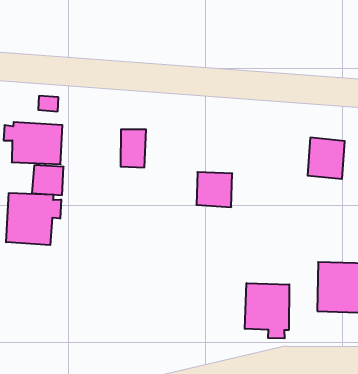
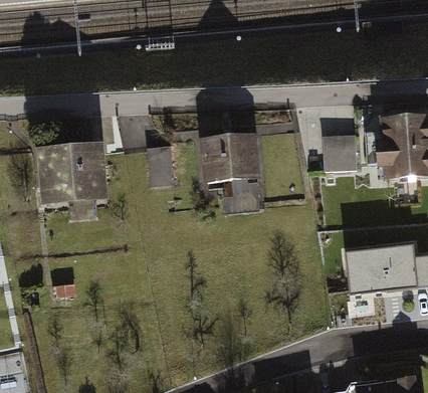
building: none -> [204,134,255,181]
building: [6,193,61,245] -> none
building: [245,283,289,338] -> none

